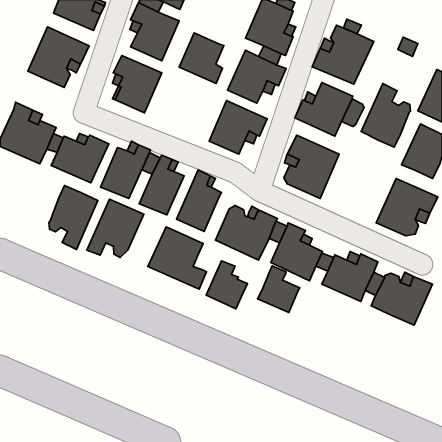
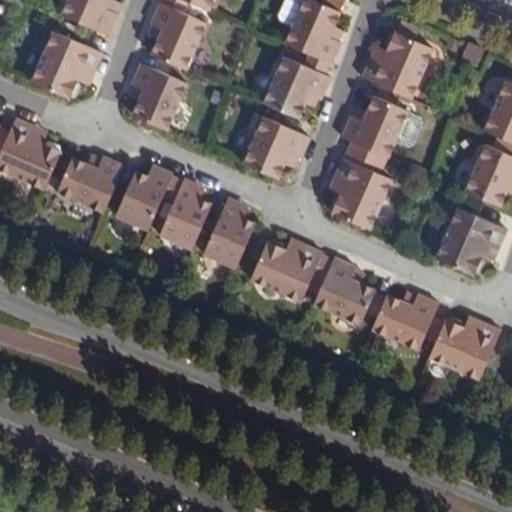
building: [179,33,224,84] -> none
building: [361,84,410,147] -> none
building: [49,186,98,250] -> none
building: [87,199,144,258] -> none
building: [148,227,207,289] -> none
building: [206,261,247,309] -> none
building: [258,266,300,313] -> none

